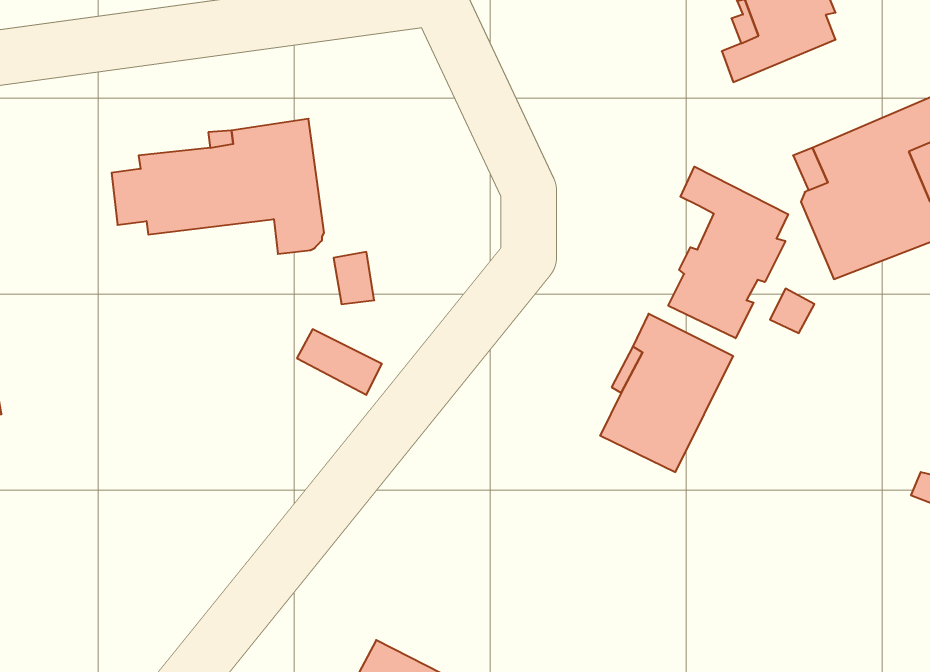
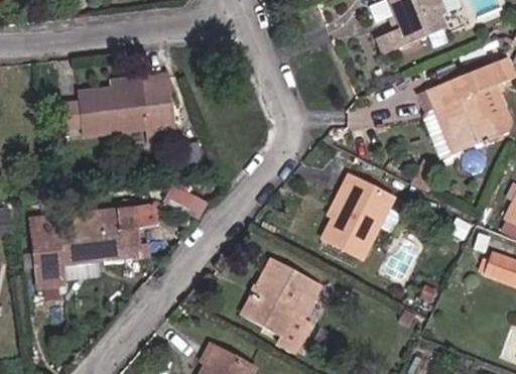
building: [668,167,788,338] -> none
building: none -> [36,206,147,281]
building: none -> [244,261,321,351]

